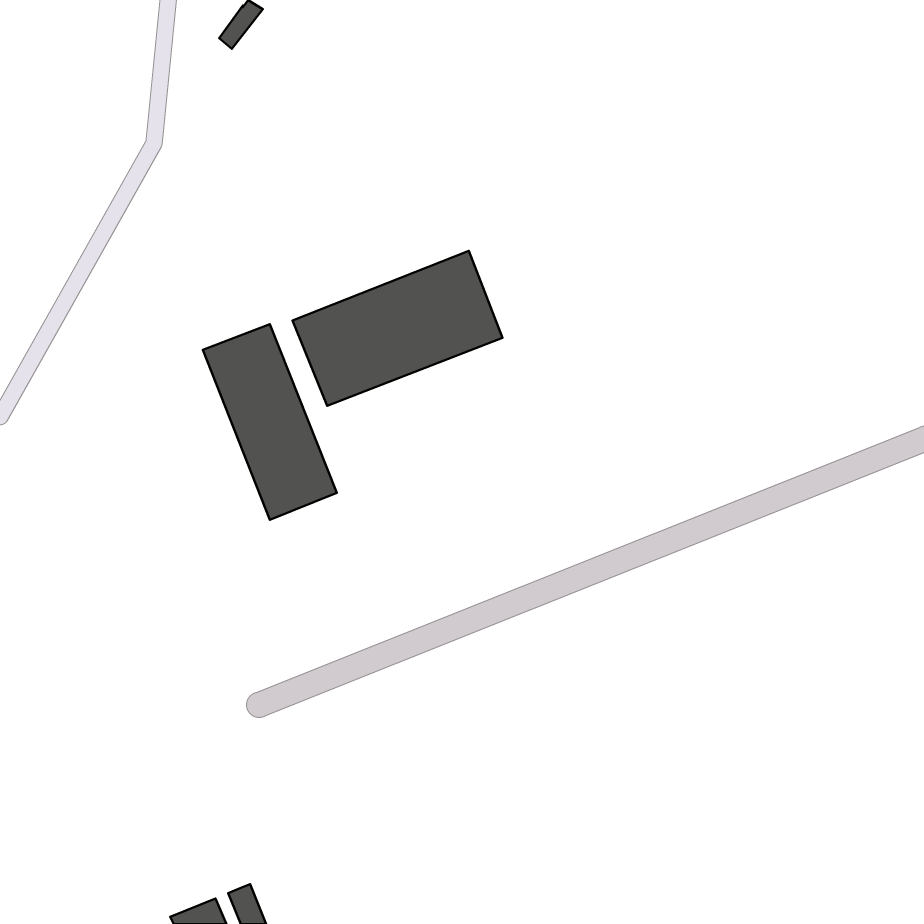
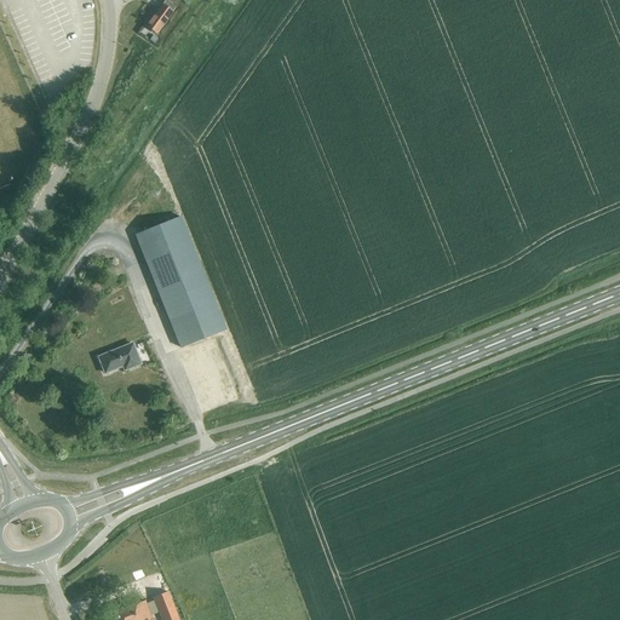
building: [292,251,502,406] -> none
building: none -> [99,343,142,372]

